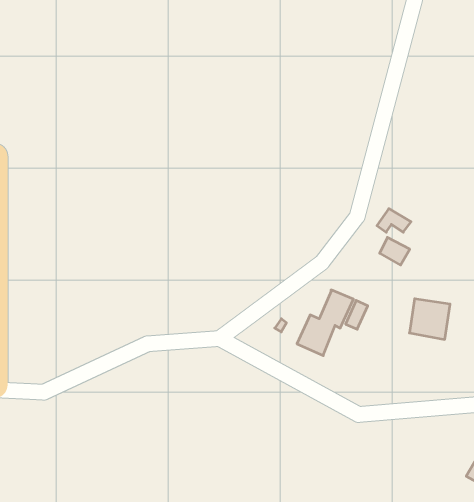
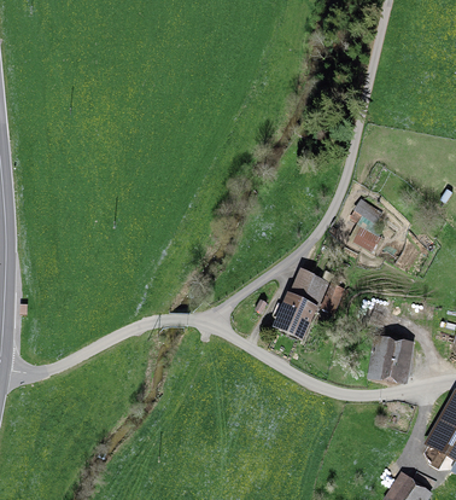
building: [409,299,450,339] -> [368,339,405,377]

